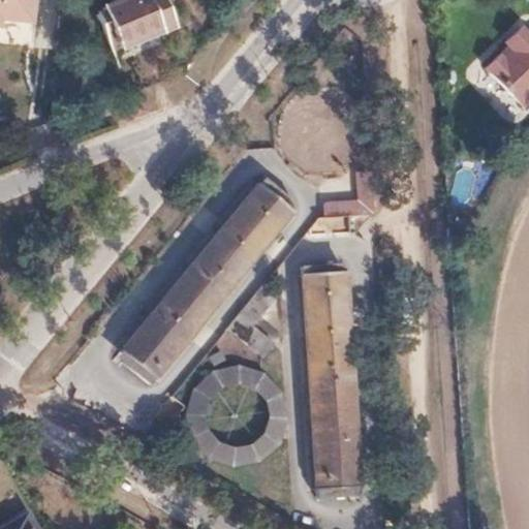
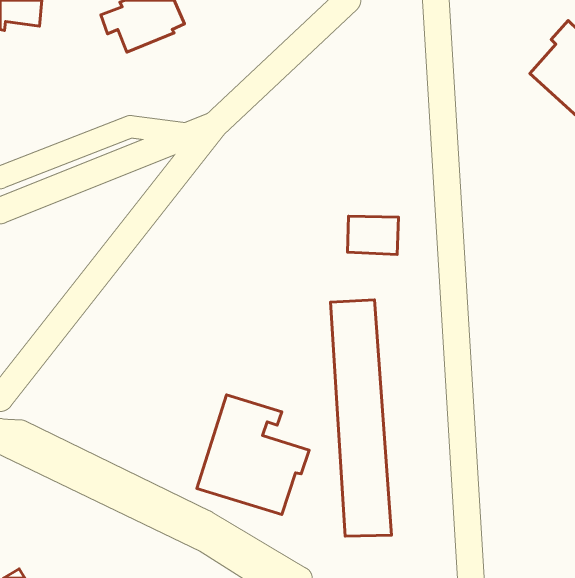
building: [122,185,291,377] -> none
building: [227,284,277,356] -> none

